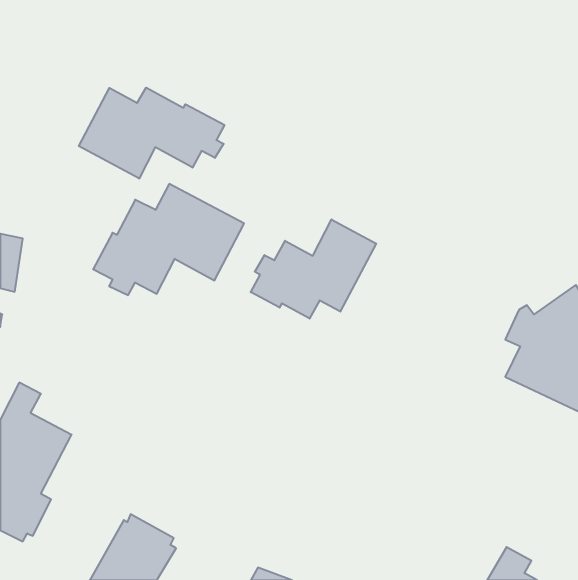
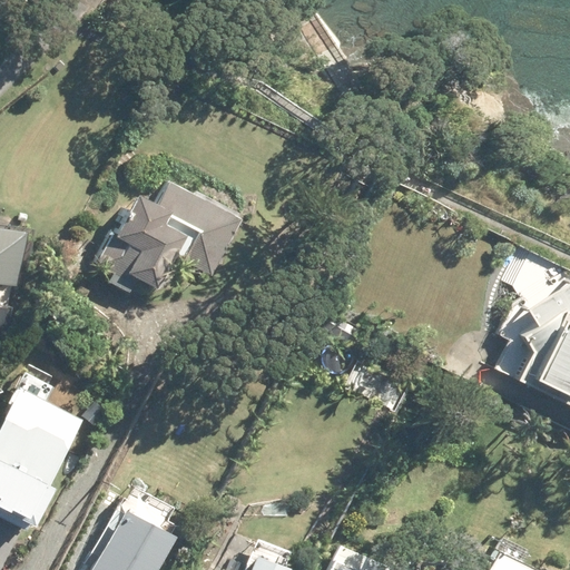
building: [79,88,224,179] -> none
building: [251,219,376,319] -> none

